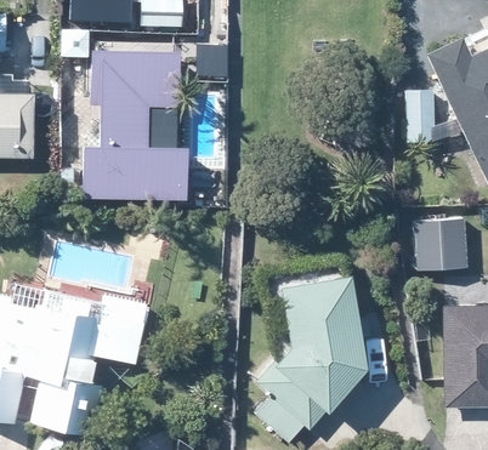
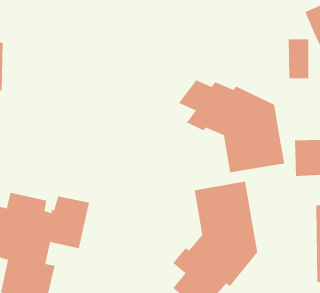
building: [78,49,181,196] -> none
building: none -> [178,80,285,173]

